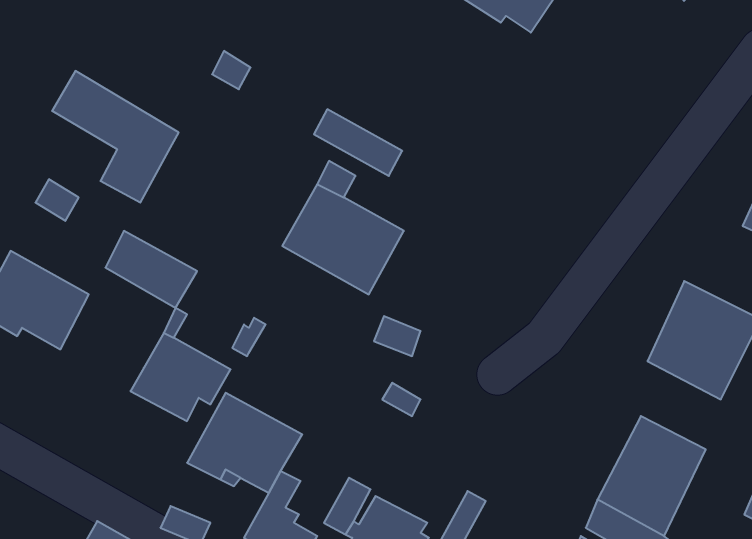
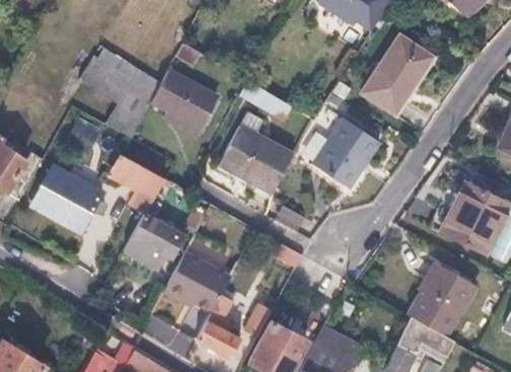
building: none -> [360,35,431,115]
building: none -> [151,73,216,130]
building: none -> [311,122,376,188]

